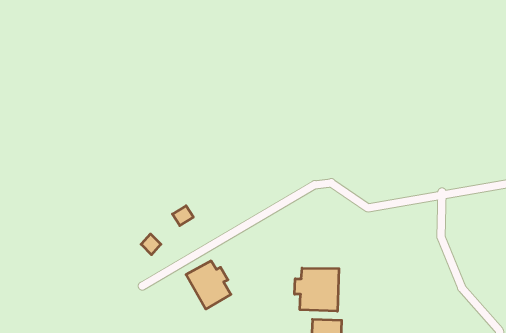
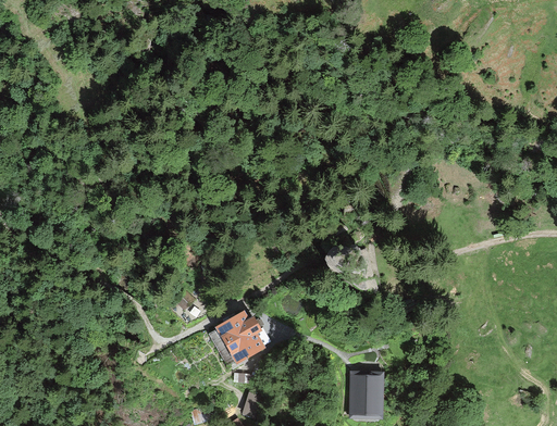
building: [295,268,339,311] -> none

